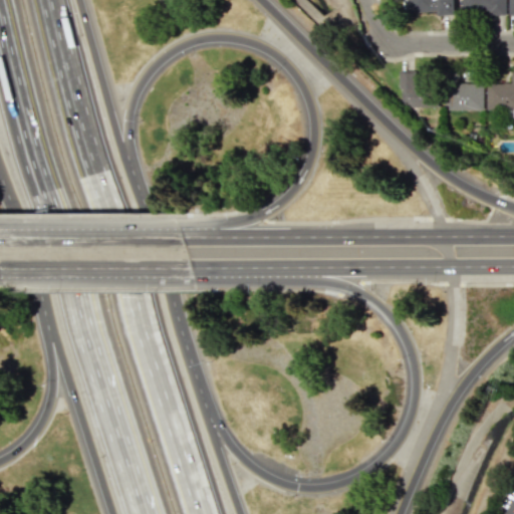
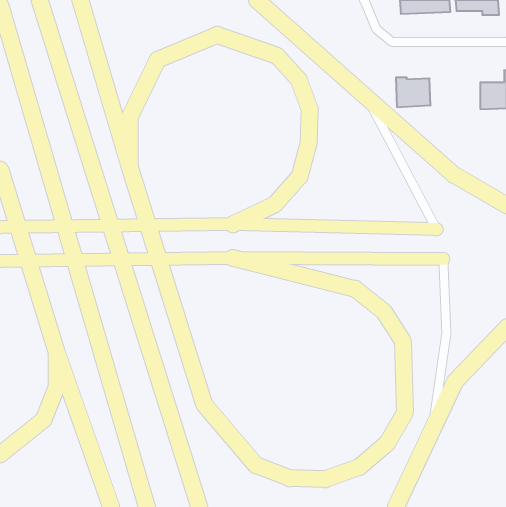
building: [448,82,484,109] -> none

